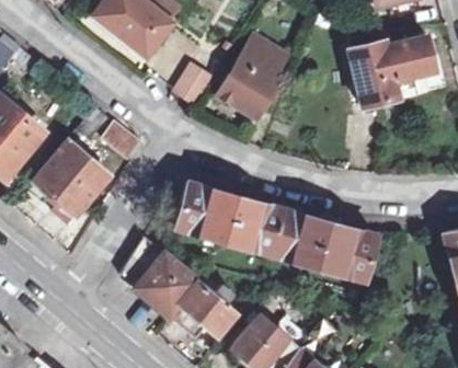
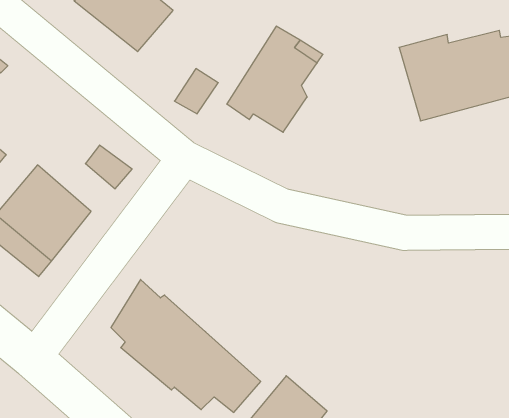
building: [176,185,376,279] -> none

